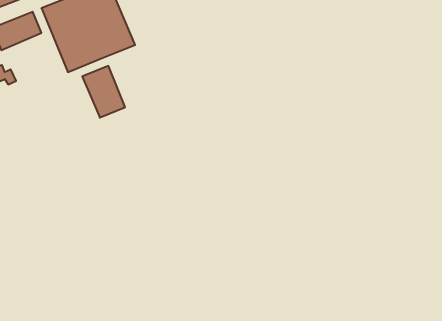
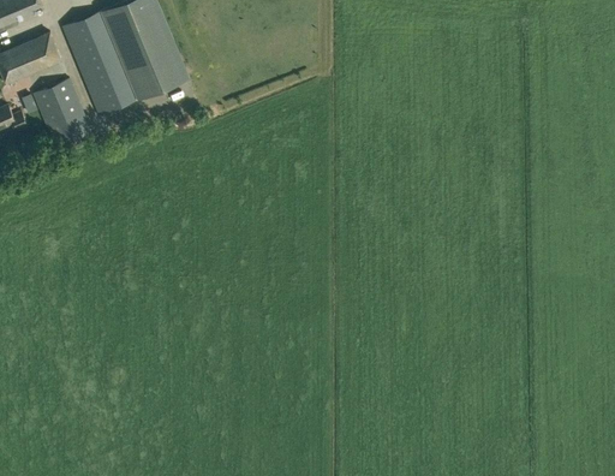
building: [82,66,125,118] -> [31,79,90,150]

